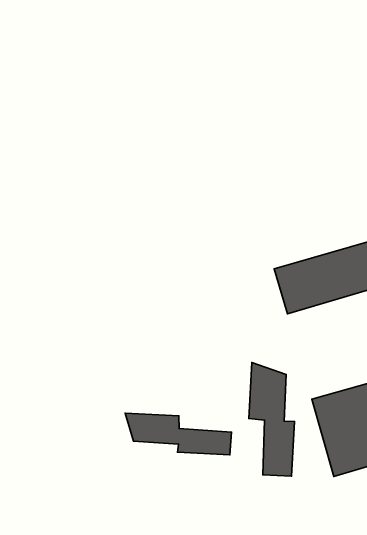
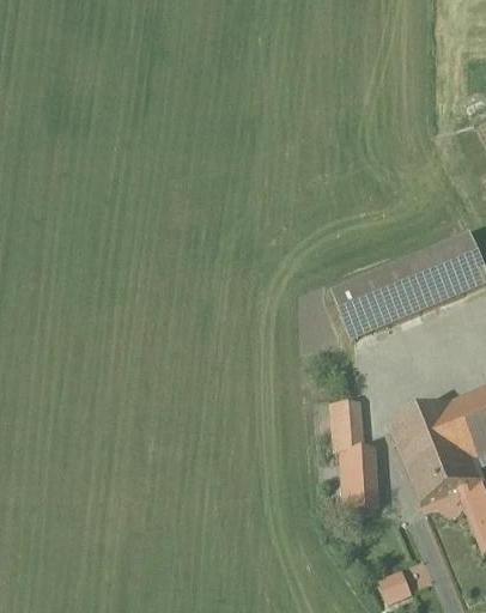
building: [125,413,232,455] -> none

